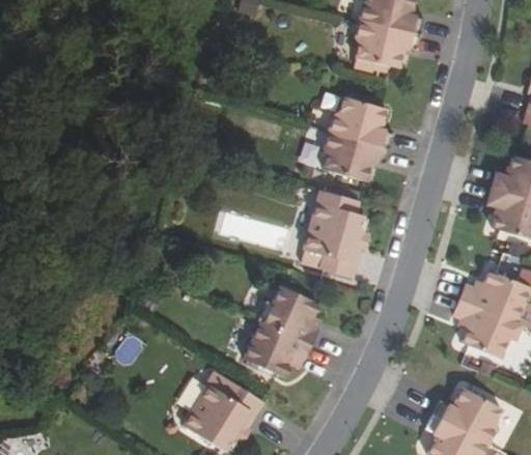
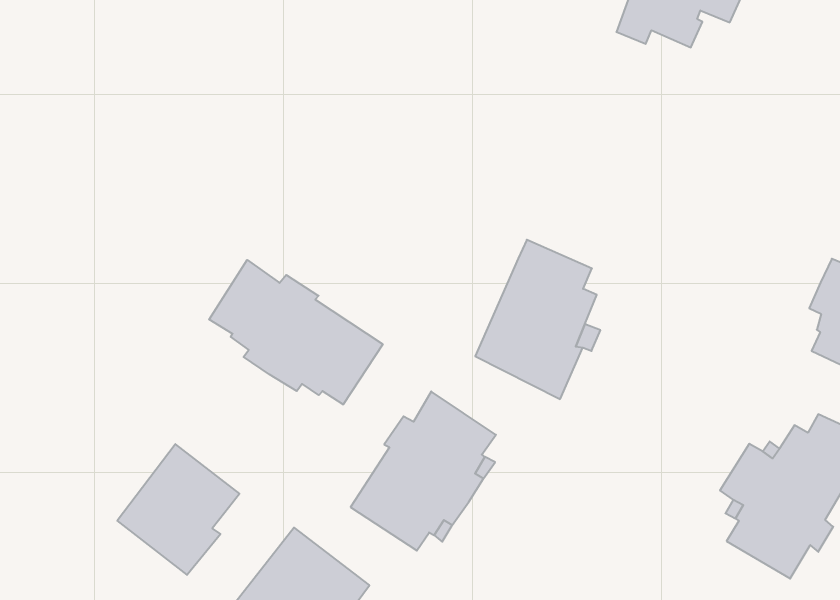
building: [323,94,392,180] -> none
building: none -> [209,260,383,405]
building: none -> [117,444,239,575]

